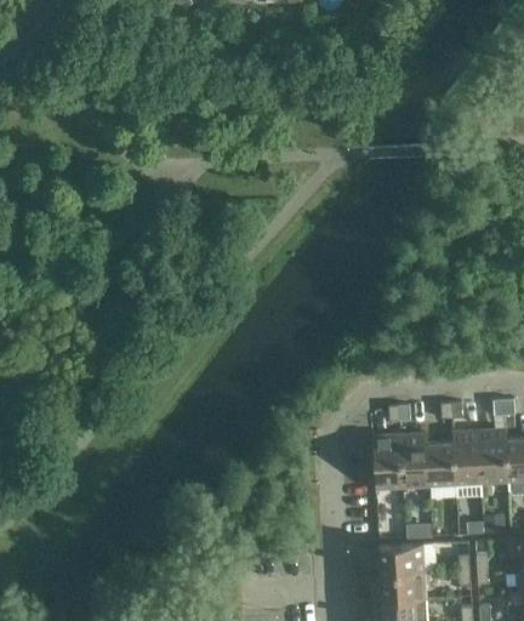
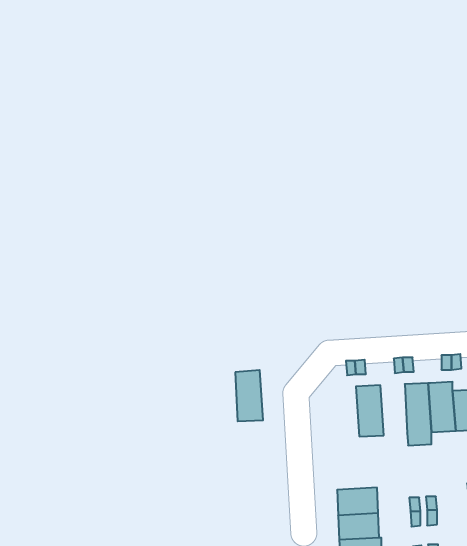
building: [426,431,455,486] -> none
building: [372,433,403,489] -> [235,370,263,421]

